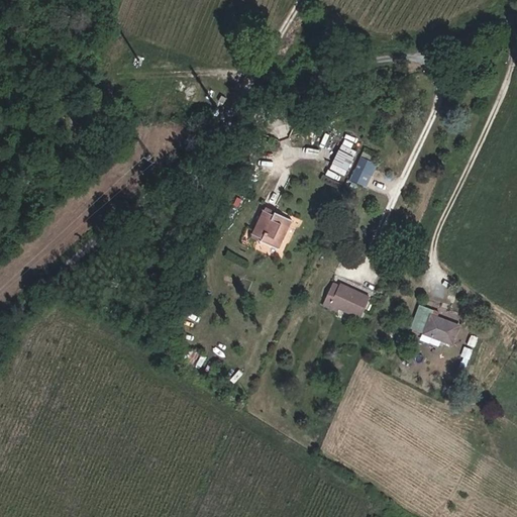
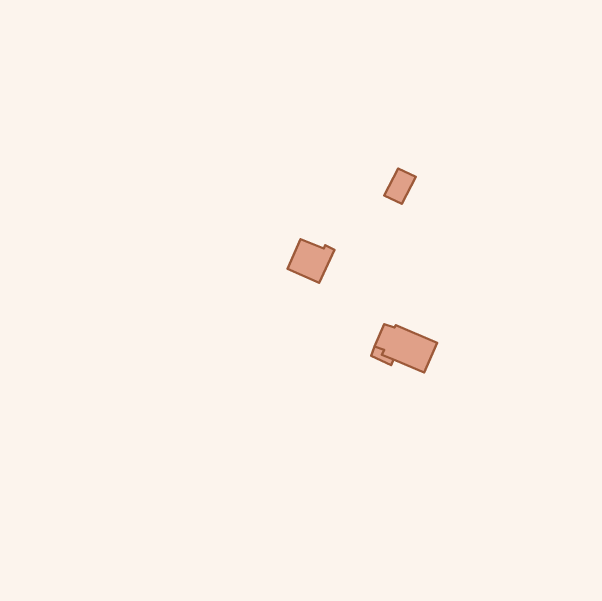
building: [351,158,376,188] -> none
building: [414,306,459,344] -> none

